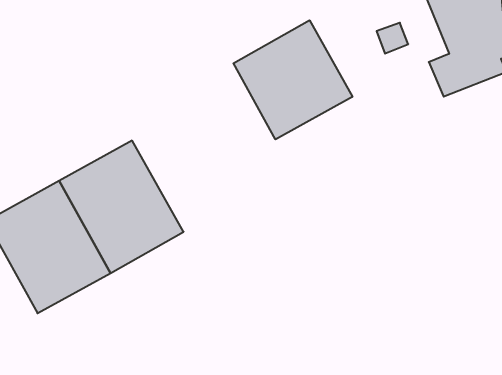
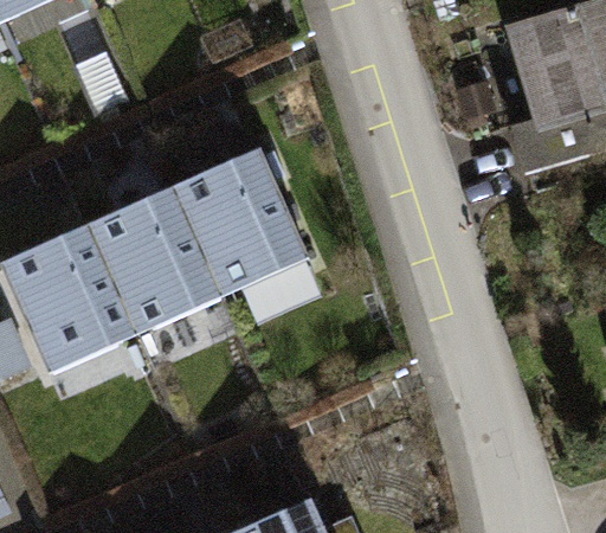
building: [233,20,352,139] -> none
building: none -> [173,149,308,296]

